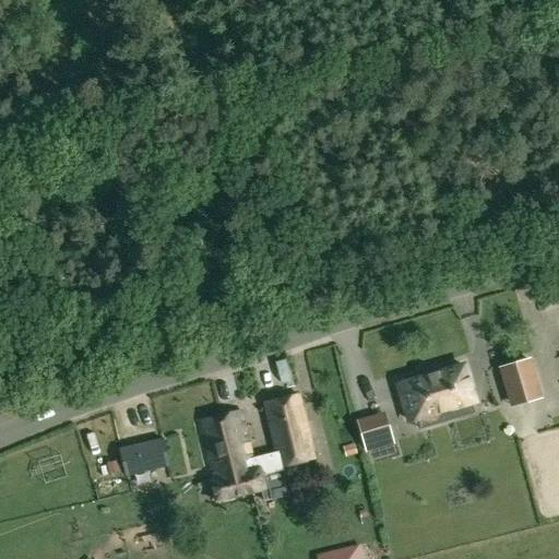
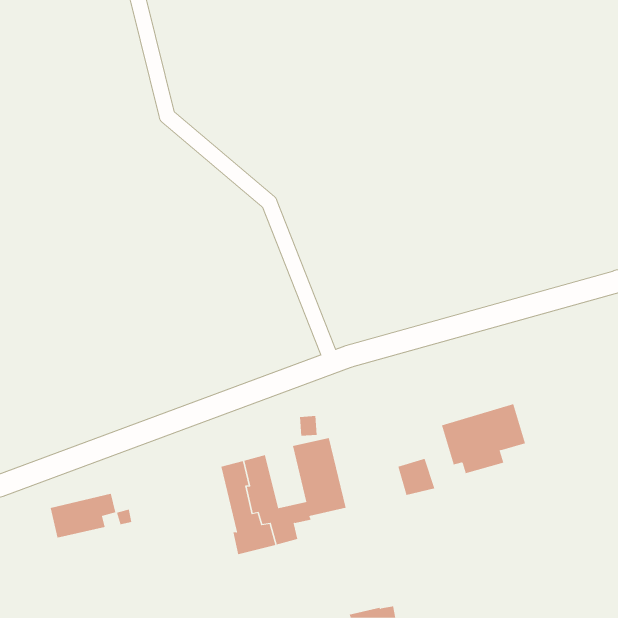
building: [500,358,539,404] -> none
building: [118,435,178,475] -> [50,493,116,538]

